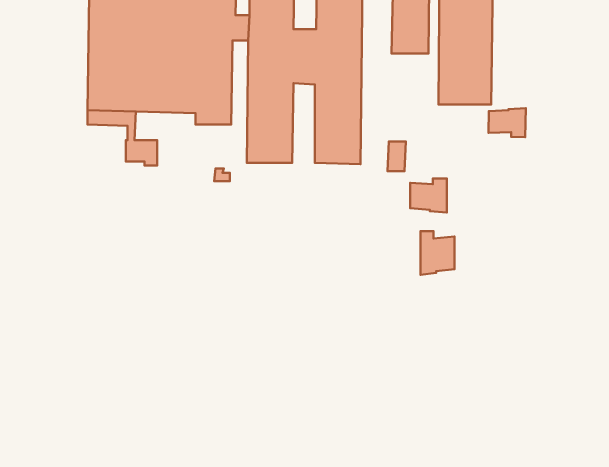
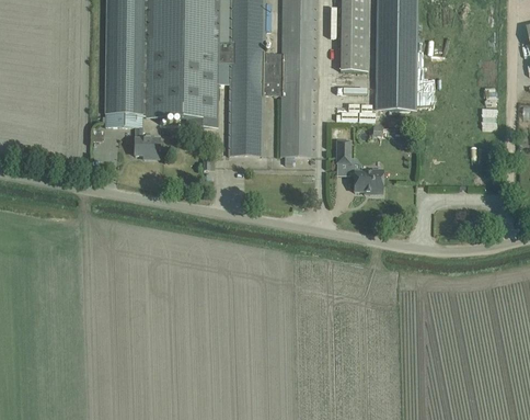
building: [488,108,526,137] -> none
building: [420,231,455,275] -> none

